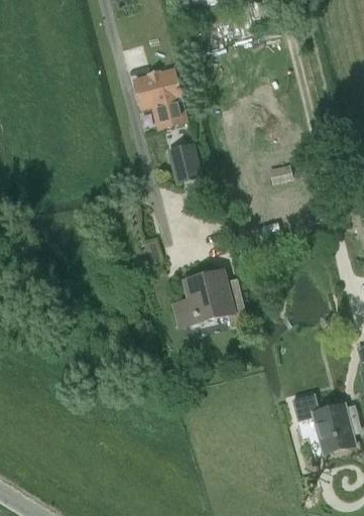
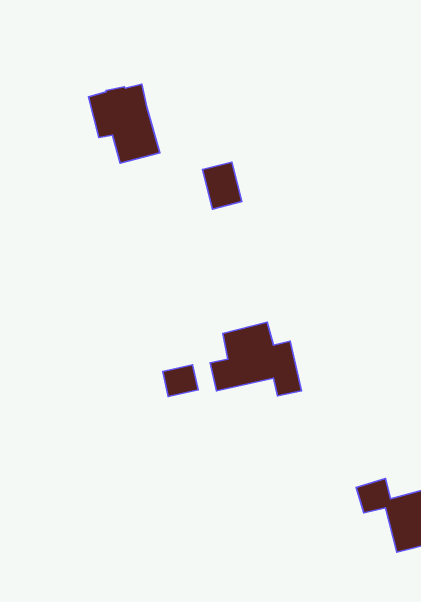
building: [131,67,188,129] -> [89,84,160,163]
building: none -> [163,365,198,396]

